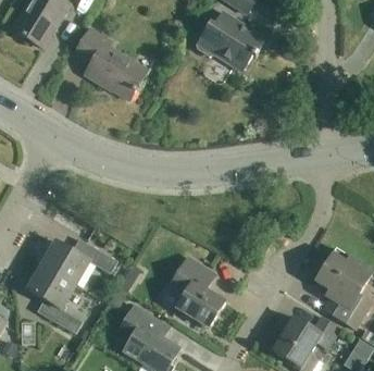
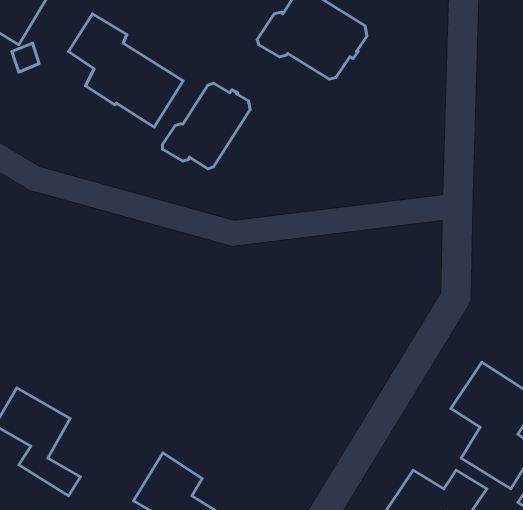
building: none -> [162,83,250,169]
building: [42,239,117,284] -> none
building: [171,258,225,327] -> none

